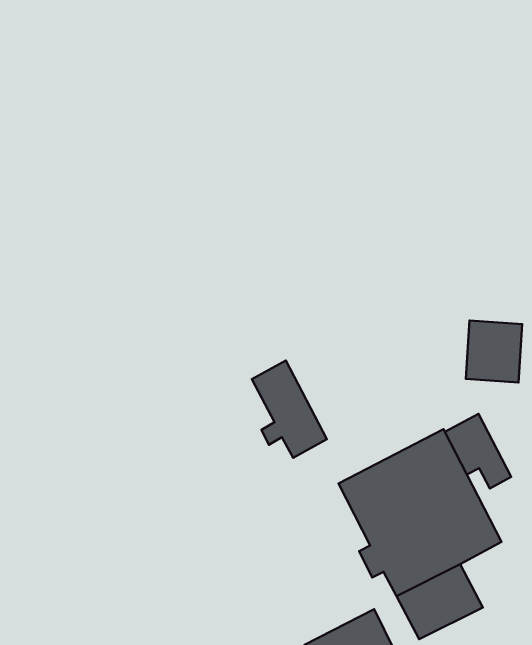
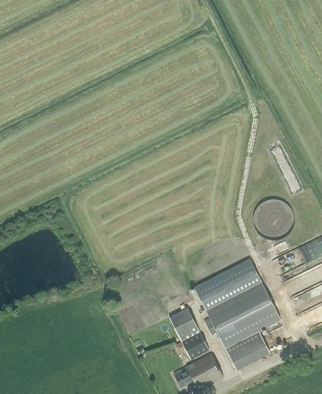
building: [252,360,327,458] -> [169,307,209,359]
building: [445,414,511,488] -> none

